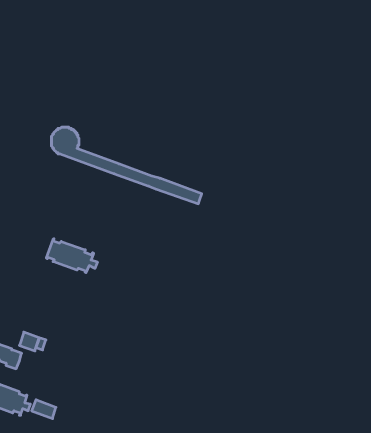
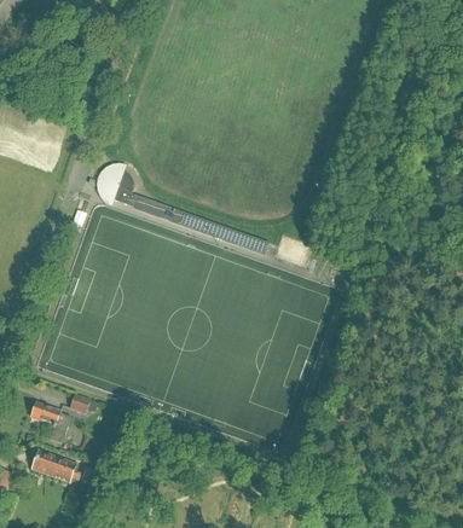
building: [46,239,97,273] -> none

